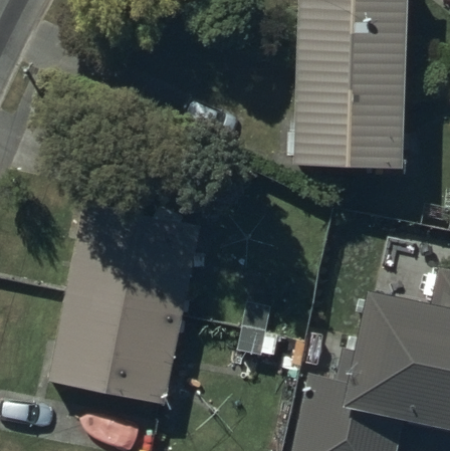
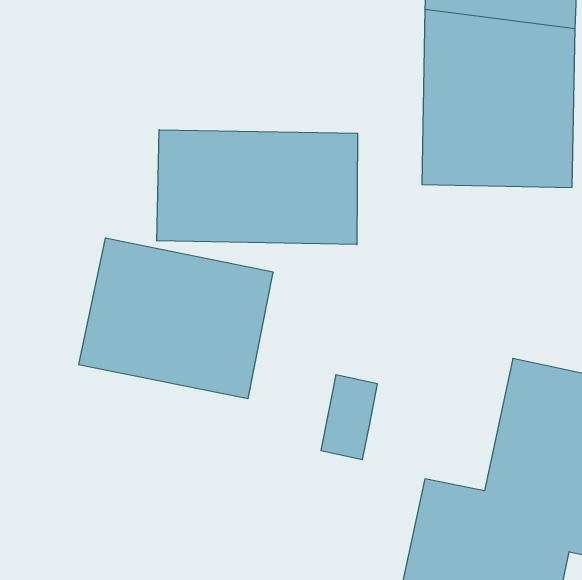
building: none -> [157,130,357,245]
building: [50,290,184,406] -> none

